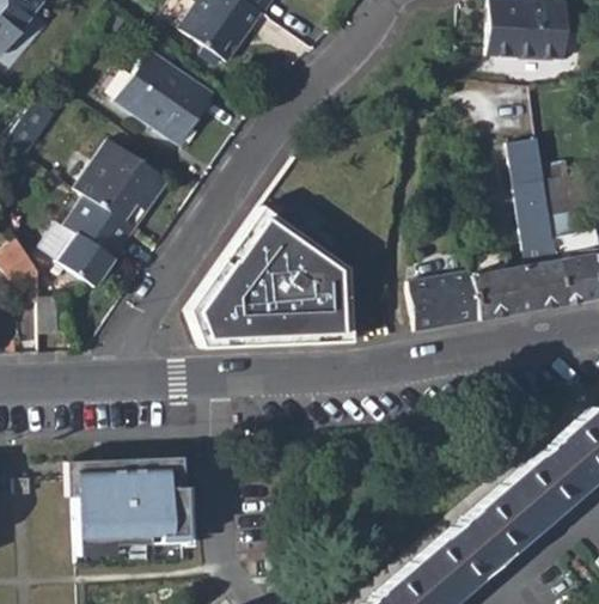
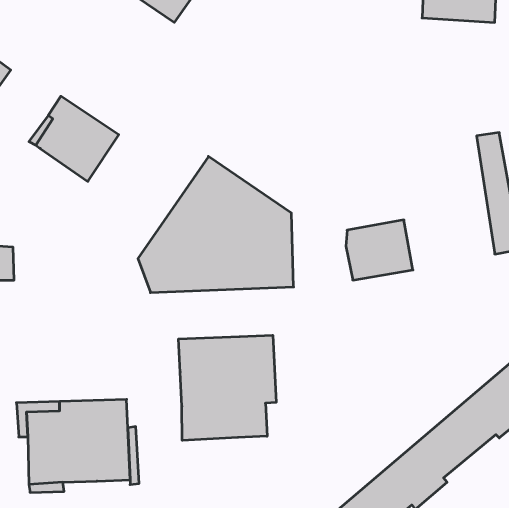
building: [115,50,213,144] -> none
building: [467,138,564,322] -> none
building: [56,194,136,289] -> none
building: none -> [179,335,276,440]

